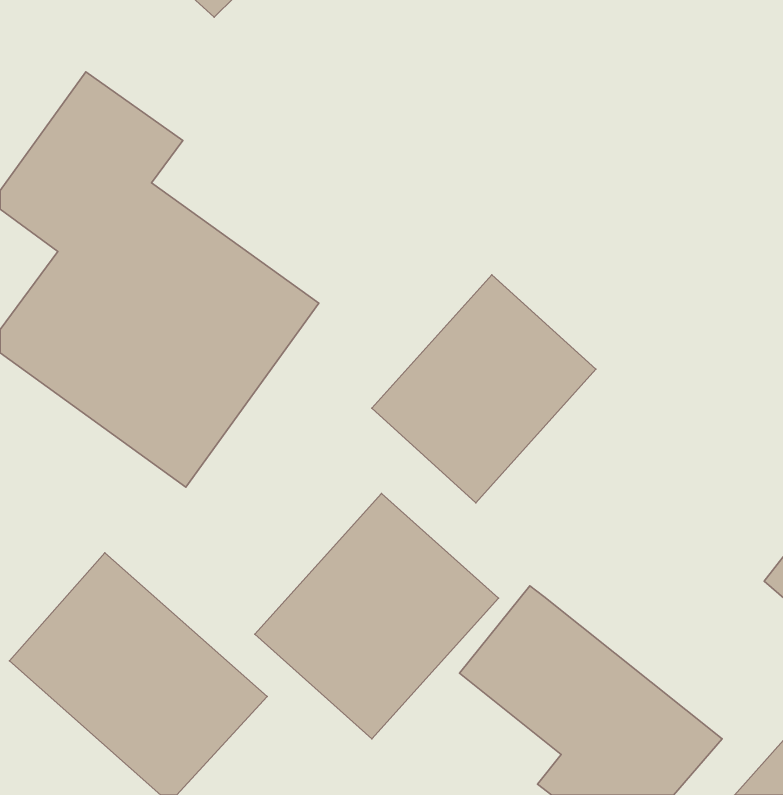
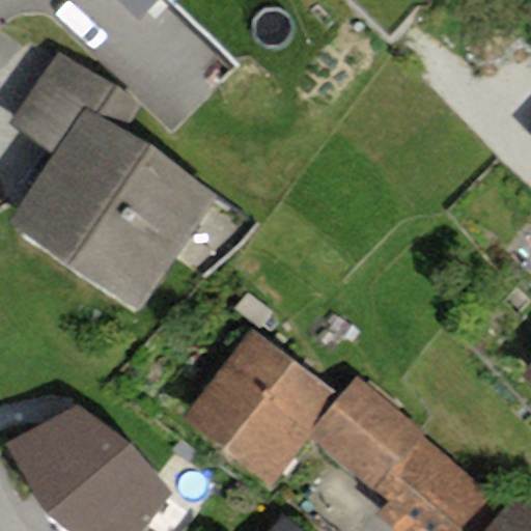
building: [372,275,596,503] -> none

